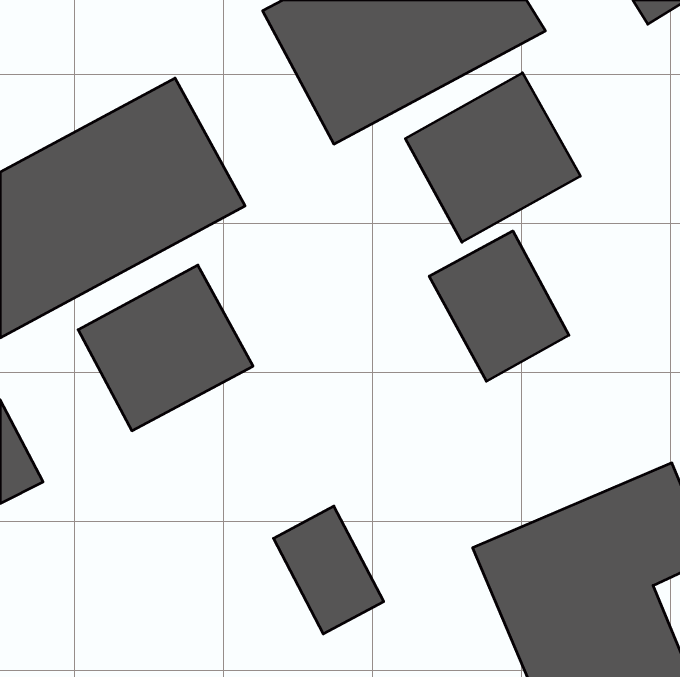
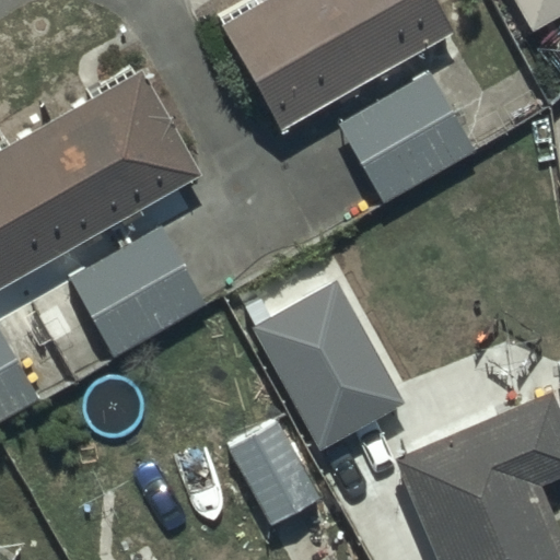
building: [429,231,569,381] -> none
building: none -> [249,278,401,446]

